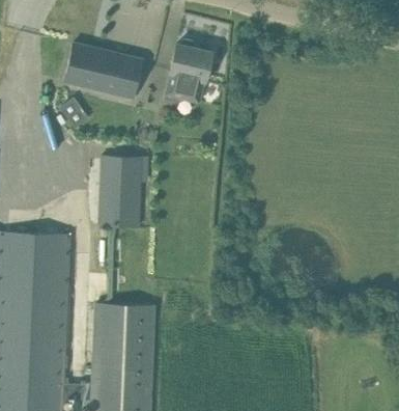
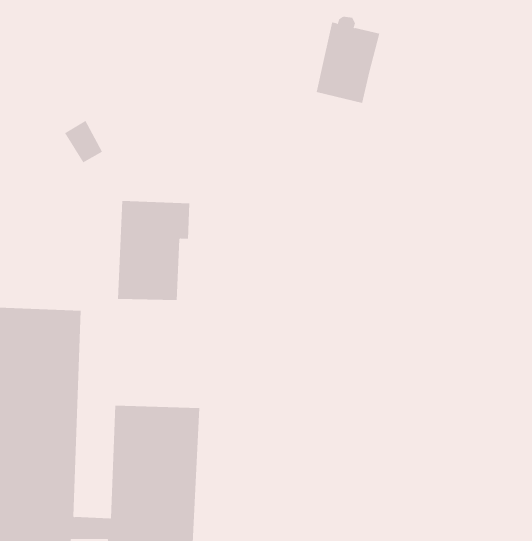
building: [164,40,210,104] -> [316,16,380,103]
building: [63,44,141,99] -> none

